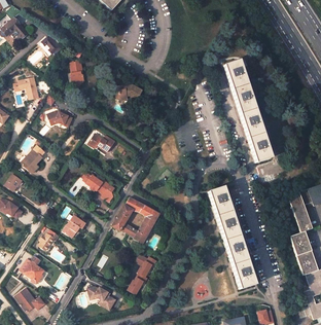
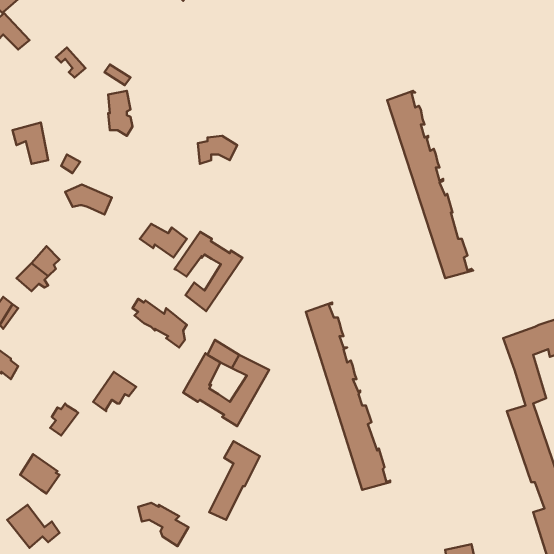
building: none -> [175,232,243,311]
building: [209,187,255,290] -> [306,302,390,490]

